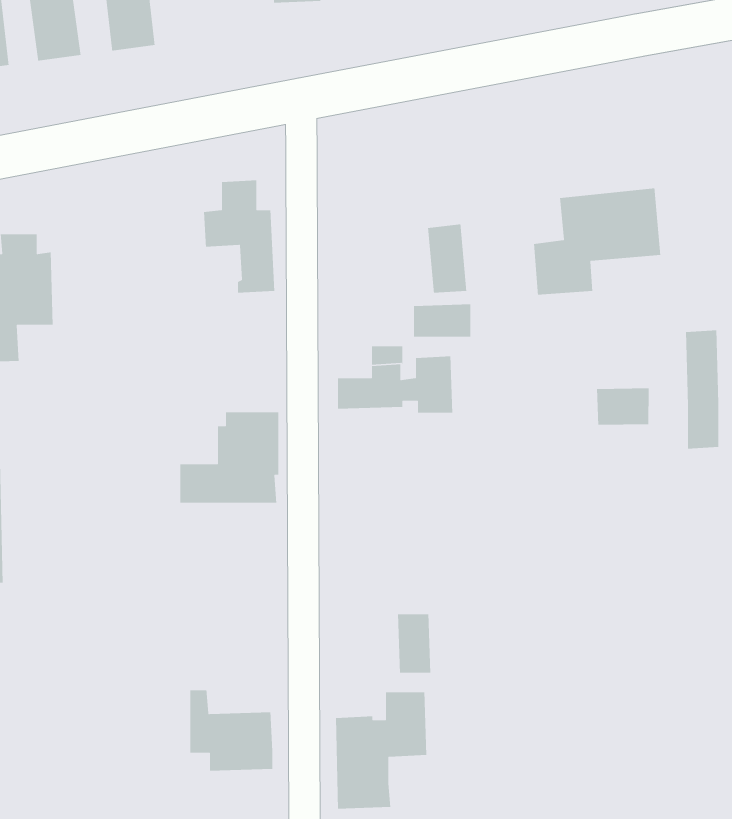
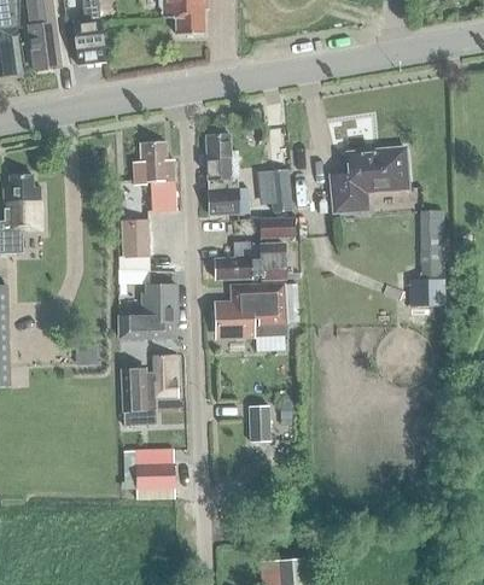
building: none -> [206,134,247,213]
building: none -> [117,217,148,268]
building: [596,388,649,425] -> none
building: none -> [214,285,282,338]
building: [335,692,427,809] -> [122,353,177,425]

